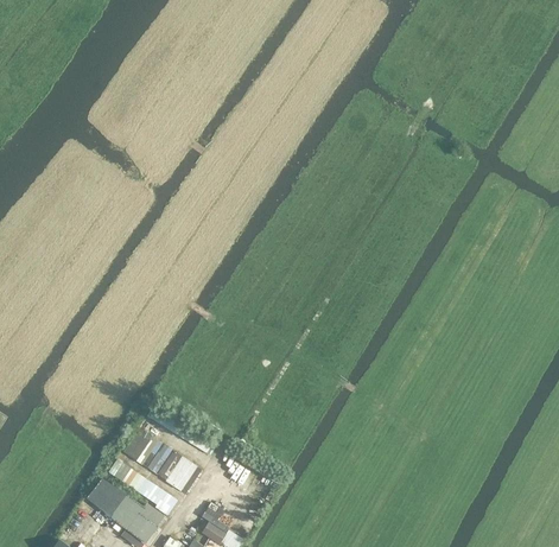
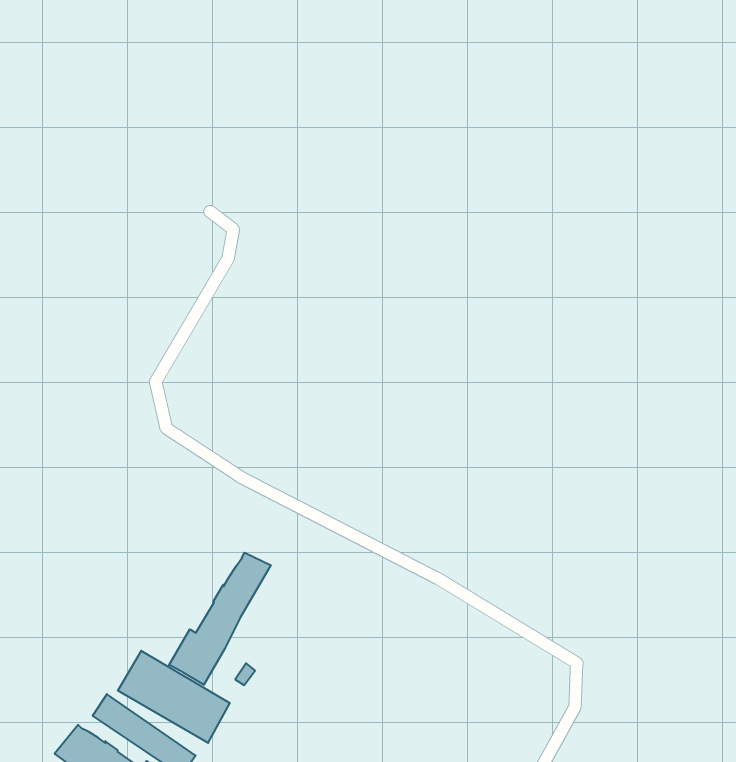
building: none -> [169,553,271,685]

